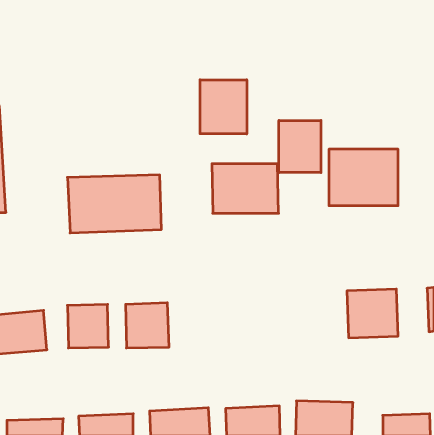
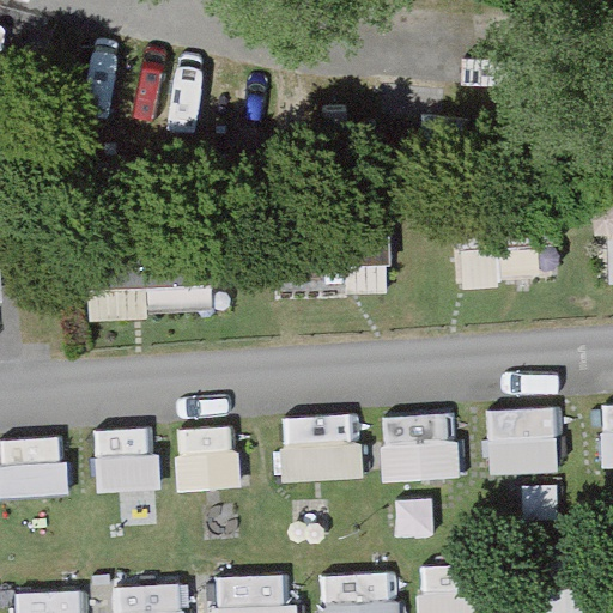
building: [200,80,247,134] -> none
building: [279,120,321,173] -> none
building: none -> [378,414,457,481]
building: none -> [280,417,357,481]

